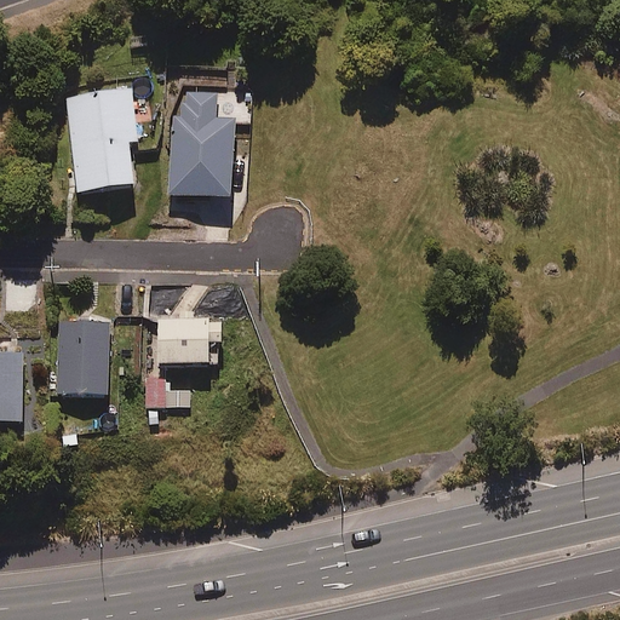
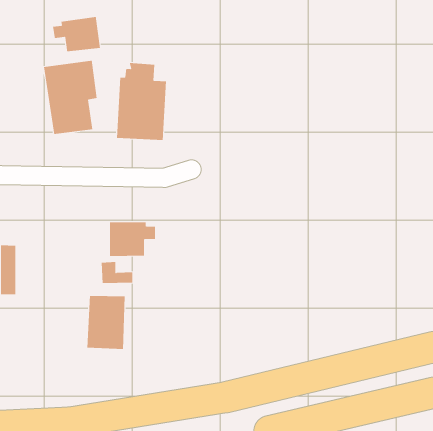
building: none -> [53,16,101,52]
building: [56,318,111,396] -> [87,295,126,350]

